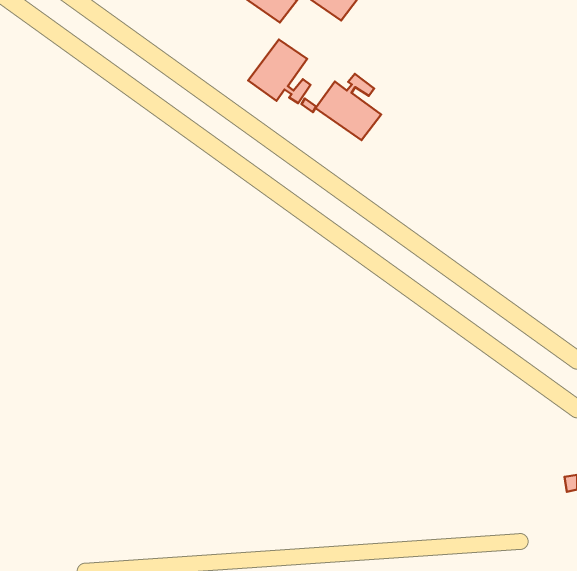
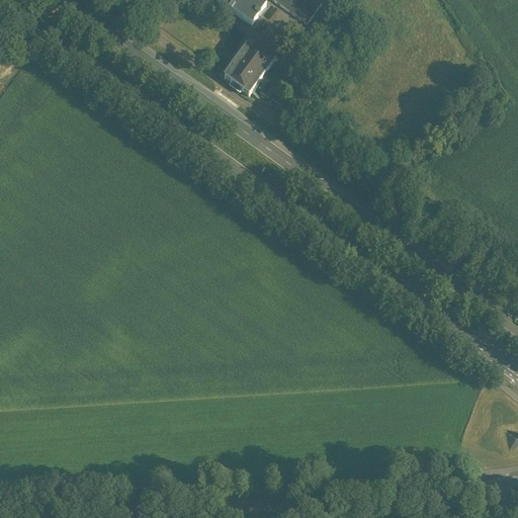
building: [315,74,381,140] -> none

